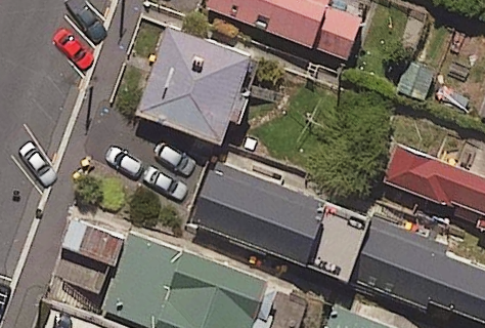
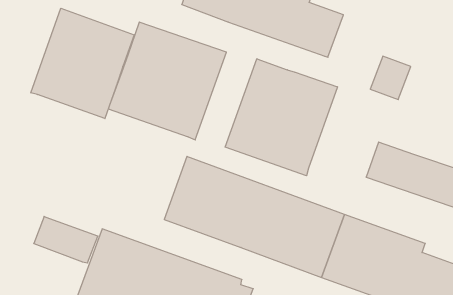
building: none -> [31,8,134,119]
building: none -> [225,59,337,176]

